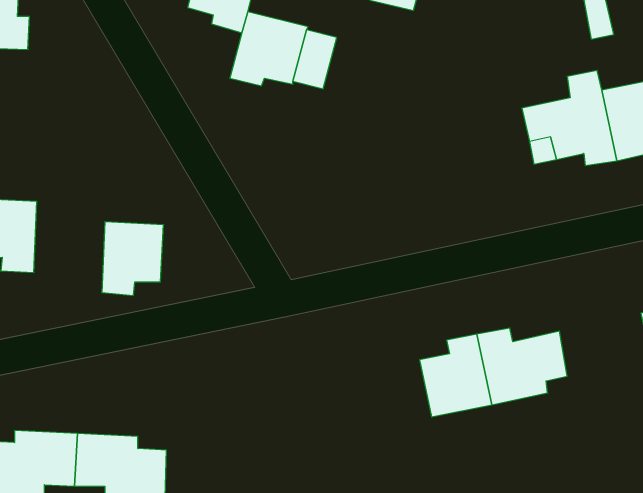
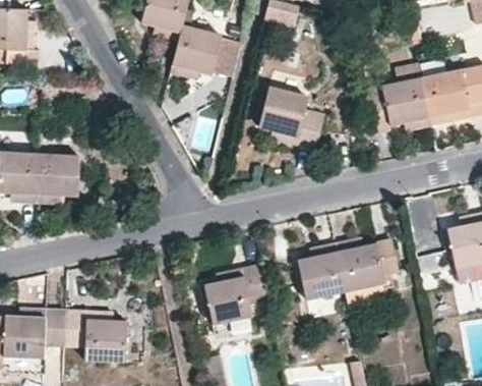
building: none -> [260,88,325,150]
building: [102,222,164,296] -> [38,153,79,203]
building: none -> [204,264,268,325]

